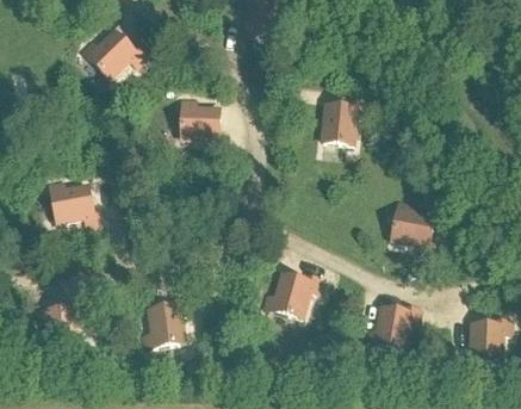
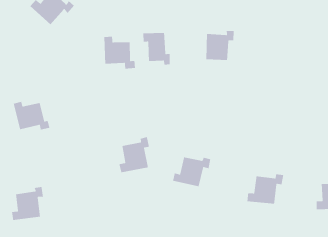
building: none -> [143,32,171,65]
building: [391,199,435,254] -> none
building: [143,297,188,346] -> [118,136,150,173]

